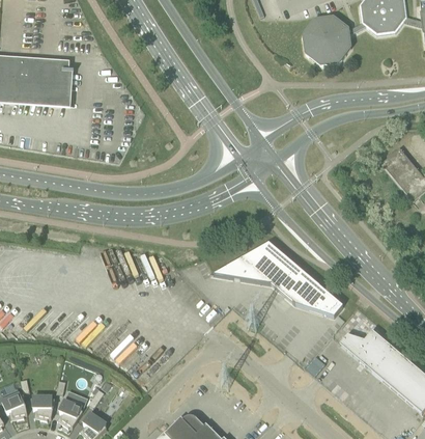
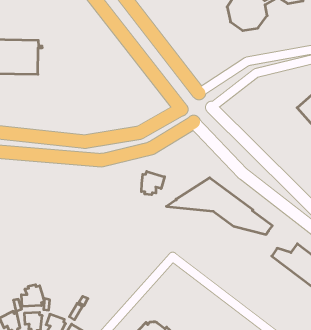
building: none -> [141,171,165,195]
building: none -> [21,285,44,307]

